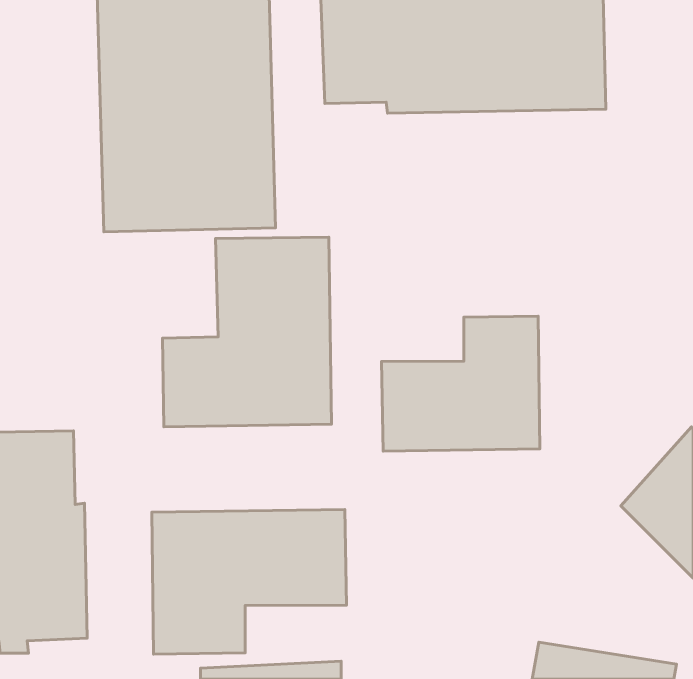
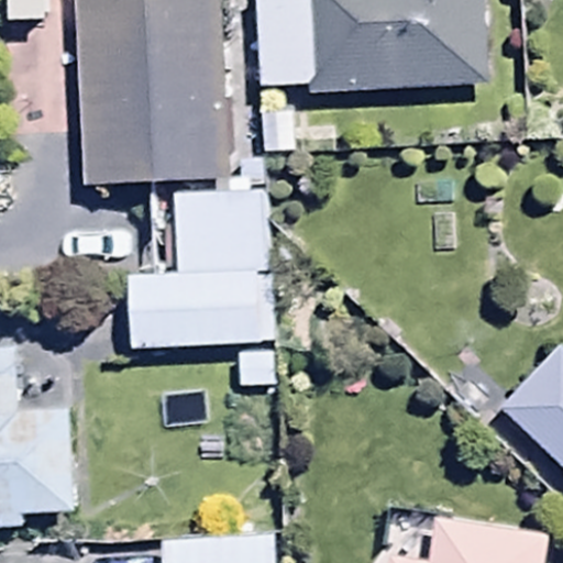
building: [381,316,540,451] -> none
building: [152,509,347,654] -> none

